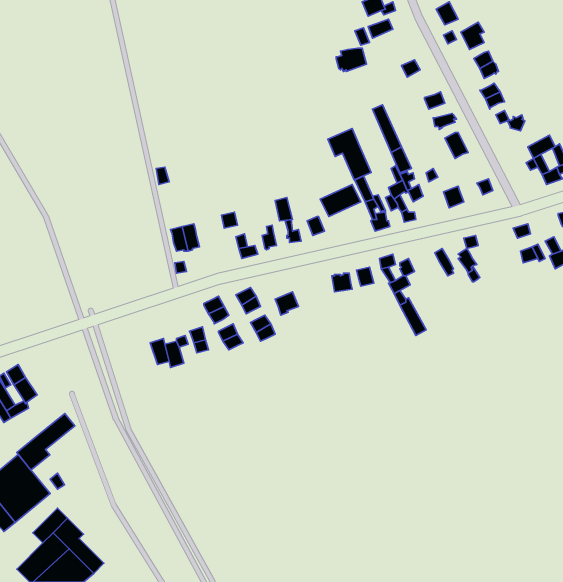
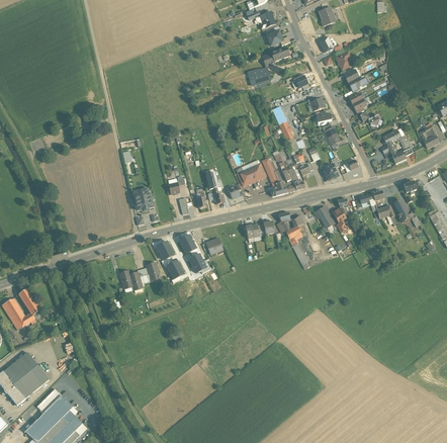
building: [328,129,371,180] -> none
building: [17,414,75,470] -> none

